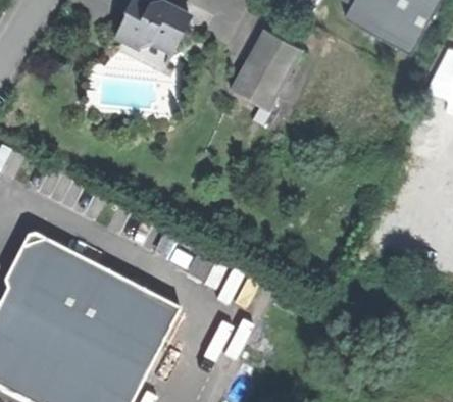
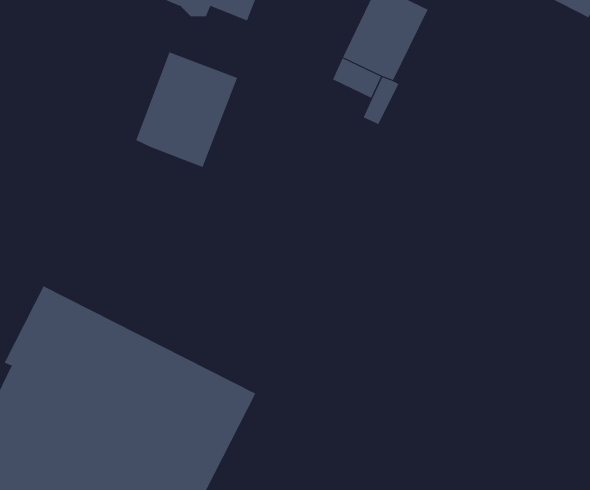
building: none -> [136,51,238,168]

